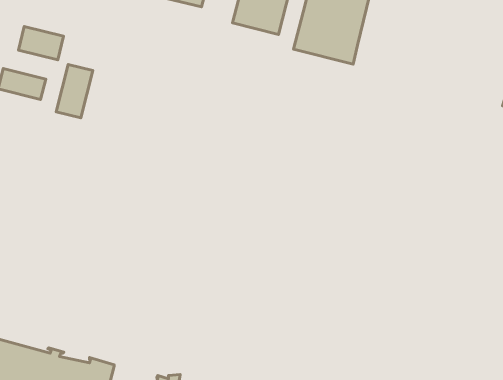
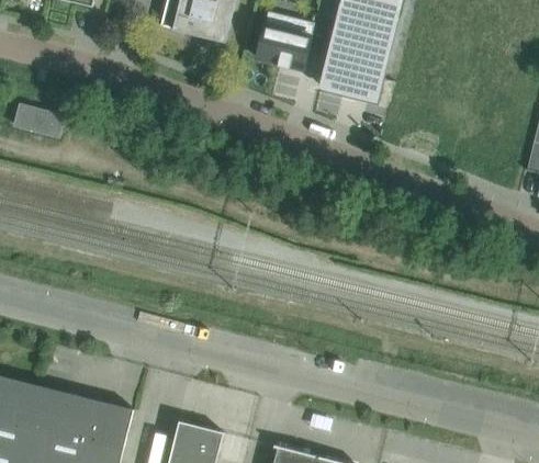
building: [19,26,64,60] -> none
building: [56,64,93,118] -> none

